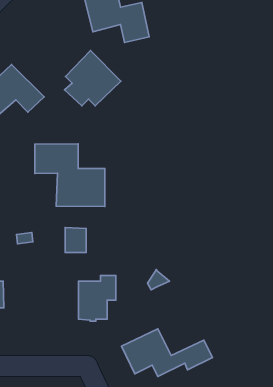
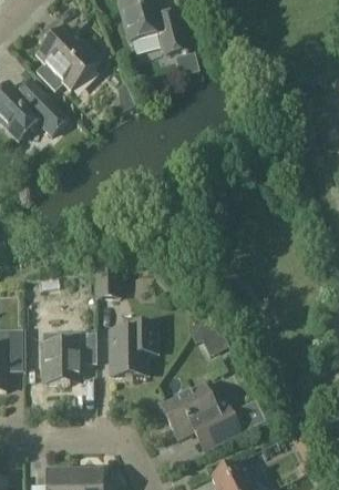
building: [65,51,121,106] -> [35,27,101,91]
building: [35,144,105,207] -> none
building: none -> [43,323,96,384]

